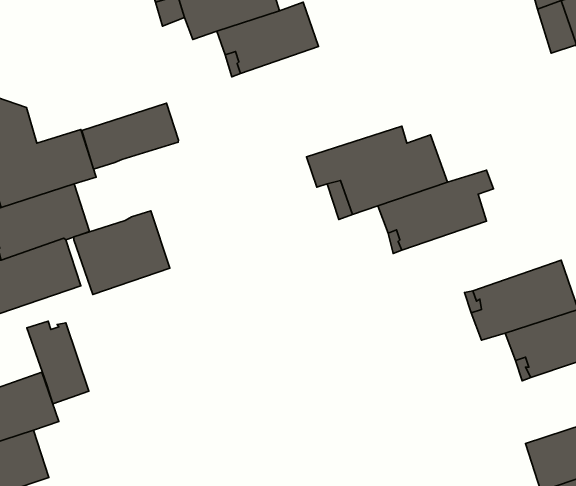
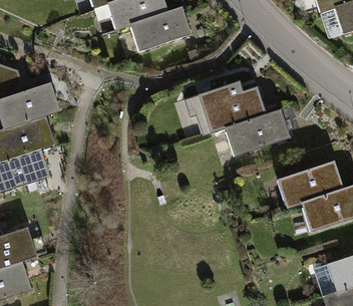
building: [82,103,178,169] -> none
building: [74,211,170,294] -> none
building: [27,321,89,404] -> none

